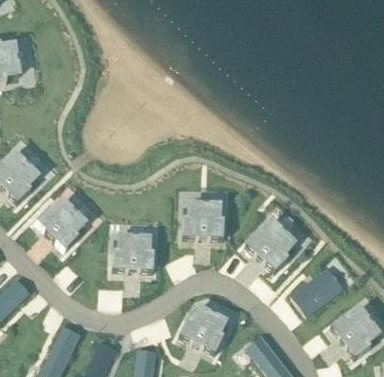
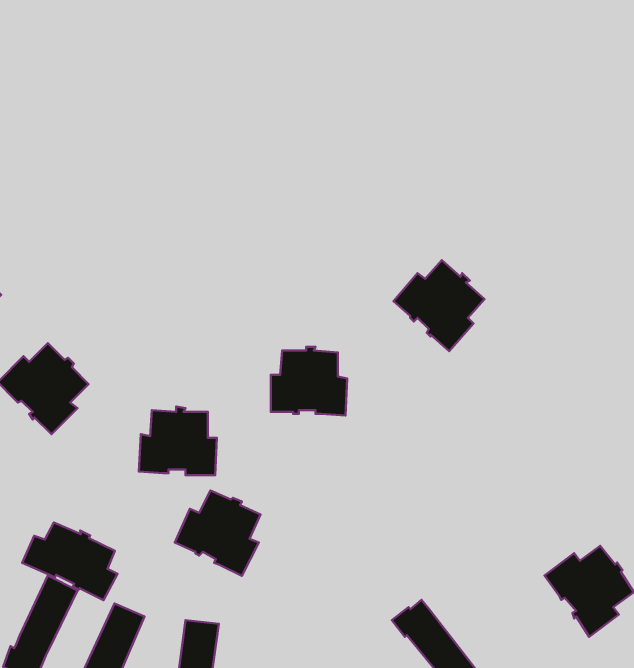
building: [245,223,294,272] -> [393,260,485,351]
building: [291,268,342,315] -> none
building: none -> [22,522,118,600]
building: [179,308,225,354] -> [175,490,261,576]

